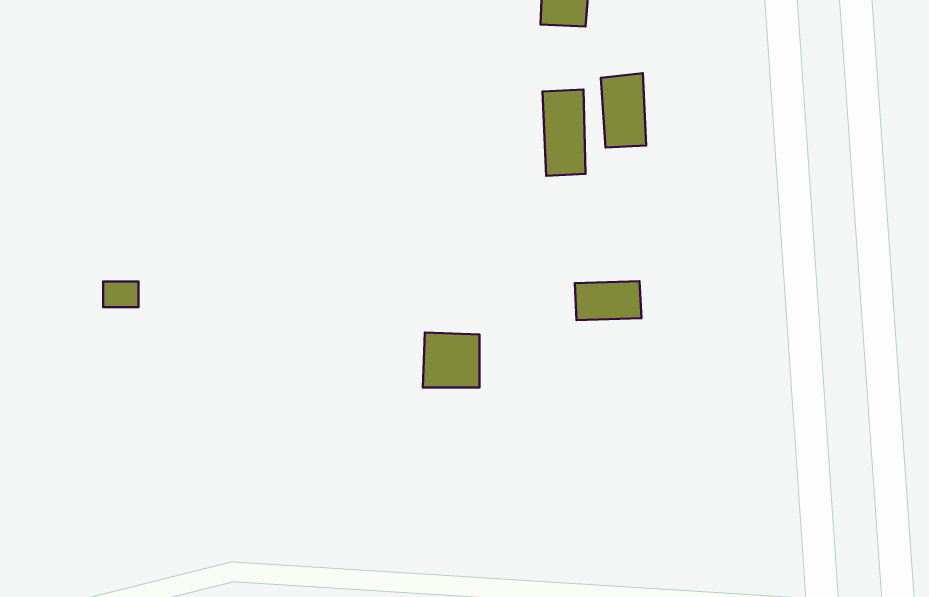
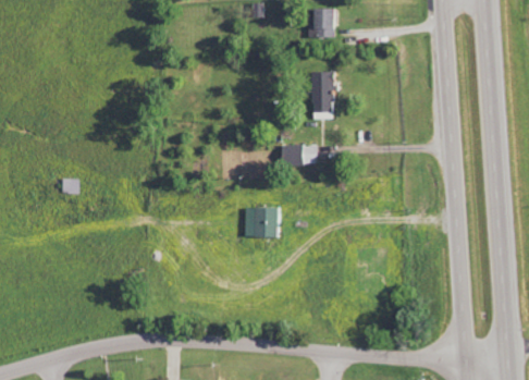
building: [601,73,646,147] -> none
building: [575,281,641,320] -> [281,145,318,167]

